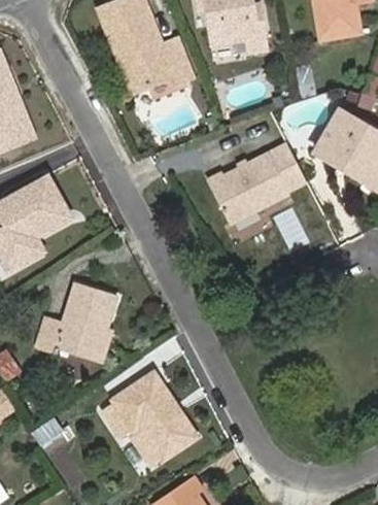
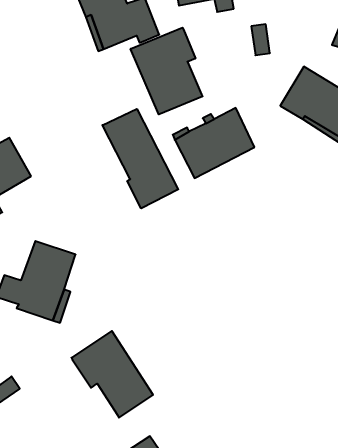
building: none -> [131,28,203,114]
building: none -> [102,109,178,208]
building: [98,402,157,465] -> none

